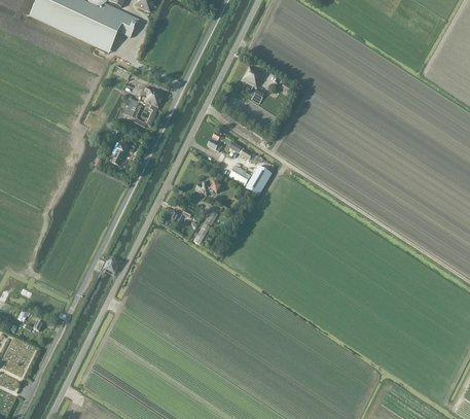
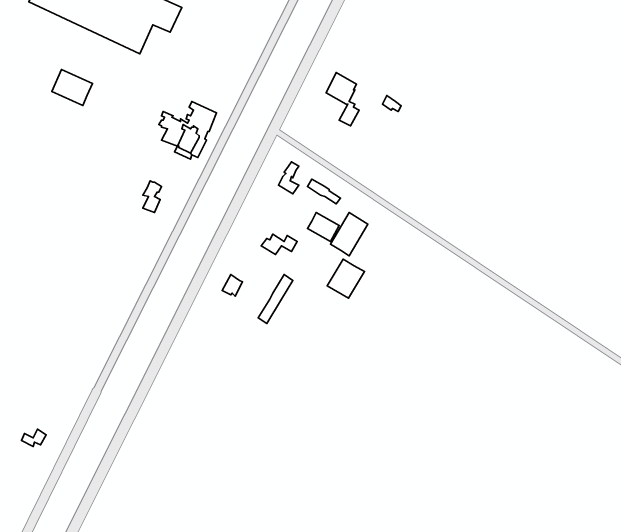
building: none -> [52,69,93,106]
building: none -> [327,259,364,298]

